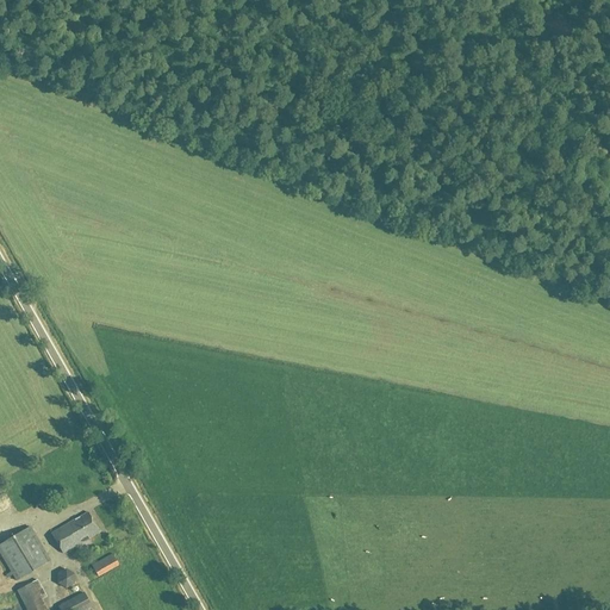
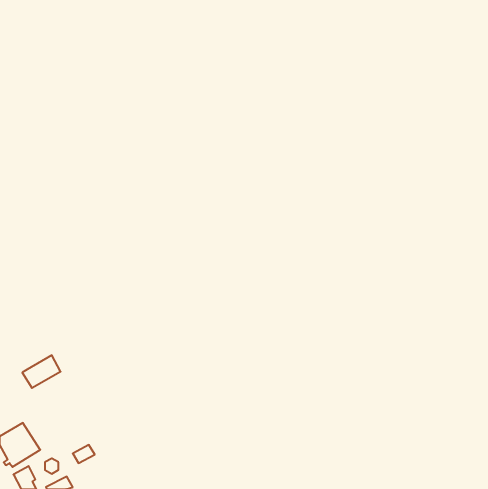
building: [50,512,98,553] -> [22,355,61,388]

